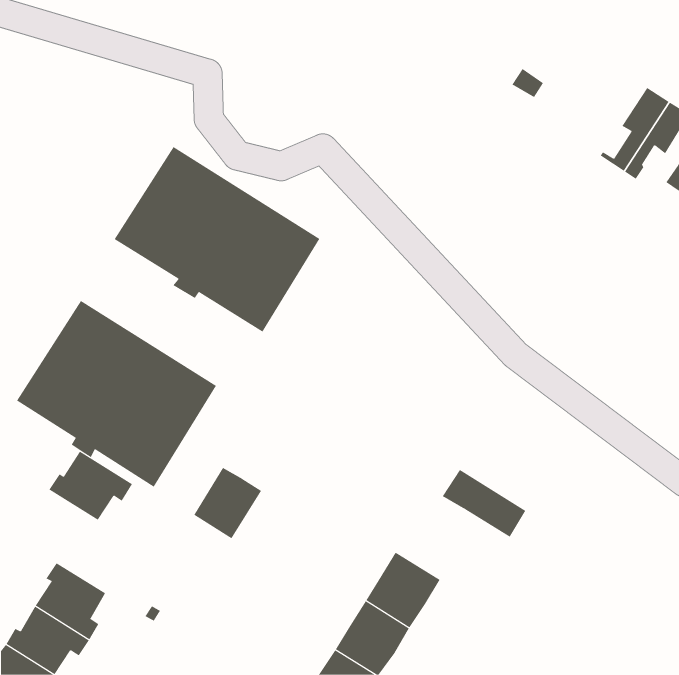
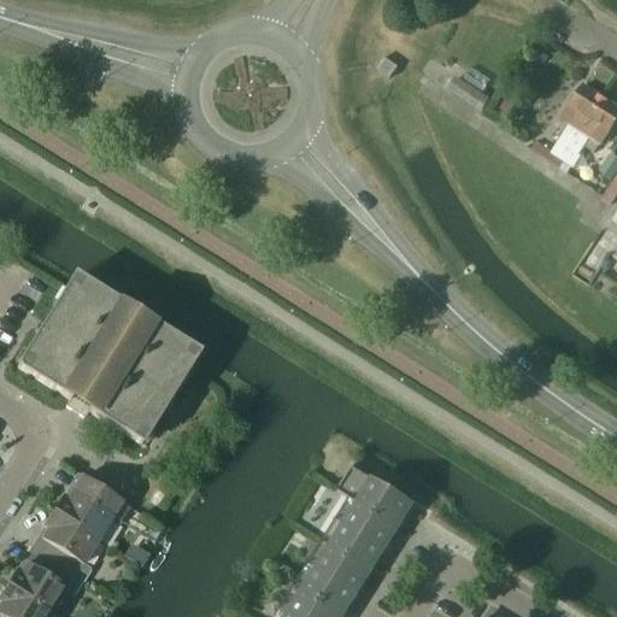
building: [114,146,320,332] -> none
building: [49,451,133,520] -> [55,471,131,534]
building: [193,467,262,539] -> none
building: [442,469,526,538] -> [340,460,416,522]

